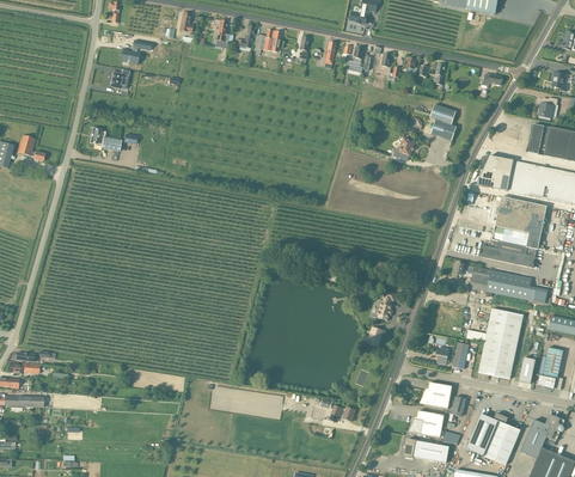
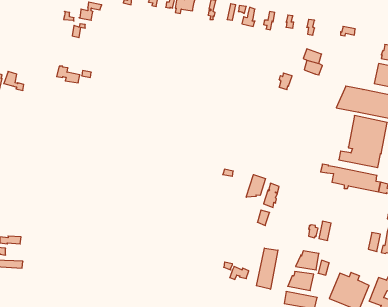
building: none -> [246,175,265,197]
building: [466,308,524,379] -> none
building: none -> [256,248,278,289]

